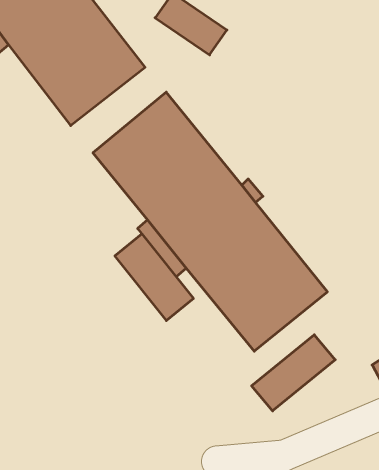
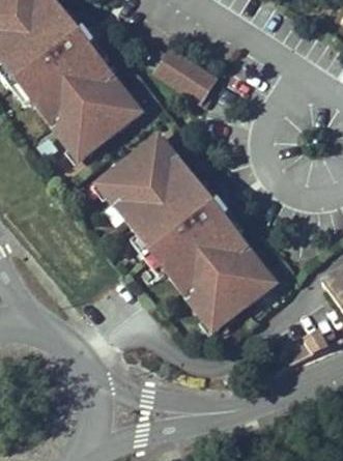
building: [115,234,193,321] -> none
building: [252,335,335,411] -> none

